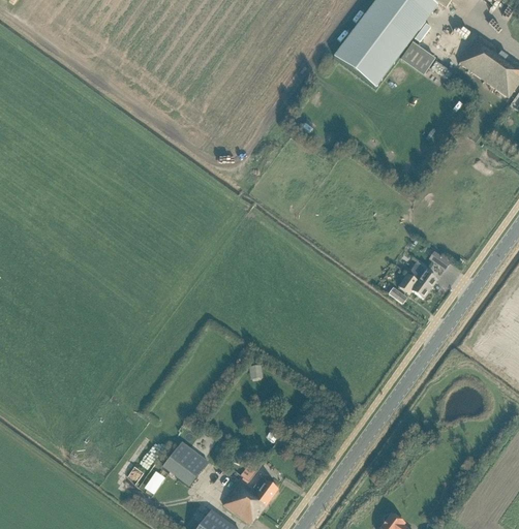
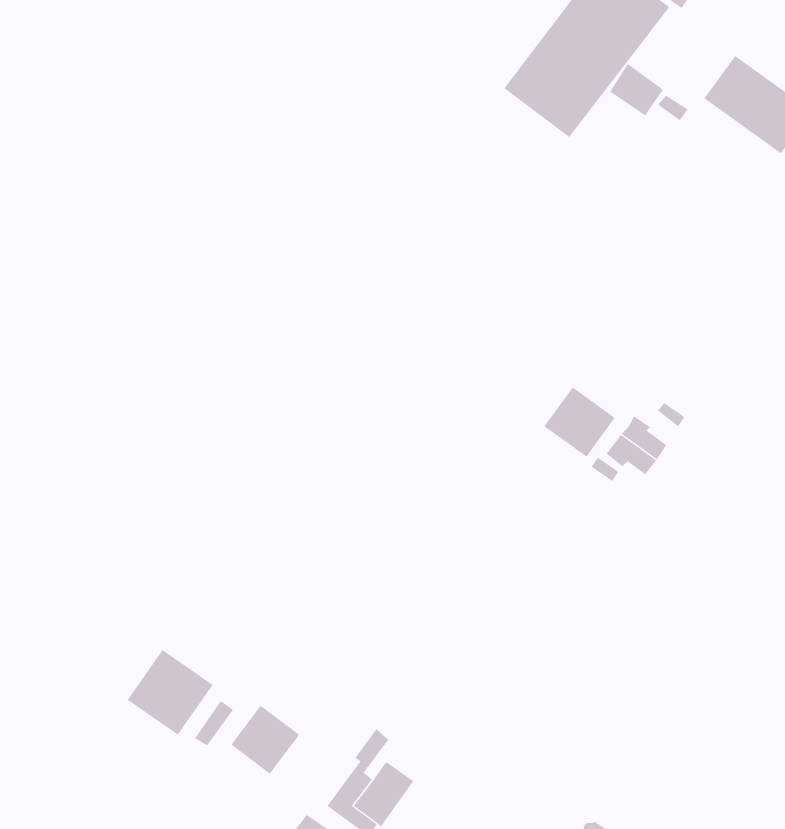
building: none -> [544,386,616,458]
building: none -> [127,649,213,736]

